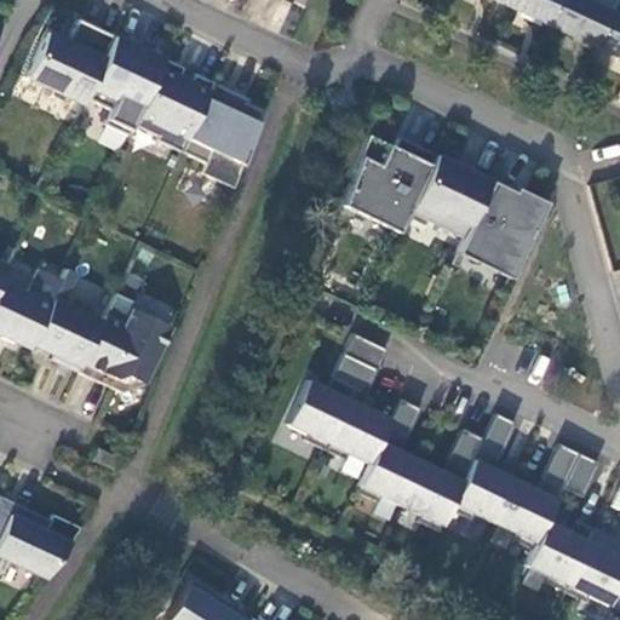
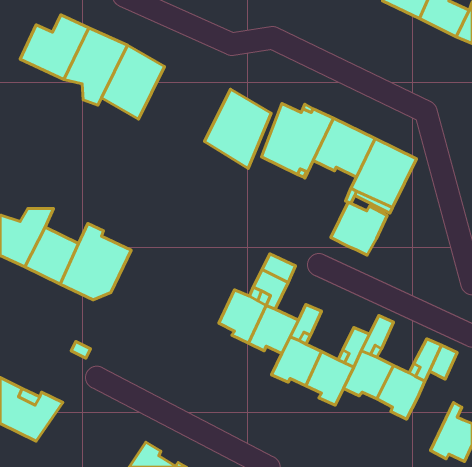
building: [182,87,269,191] -> [205,89,271,168]
building: none -> [331,202,387,255]
building: [526,522,595,591] -> none

